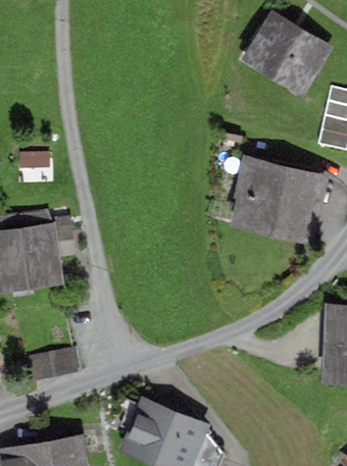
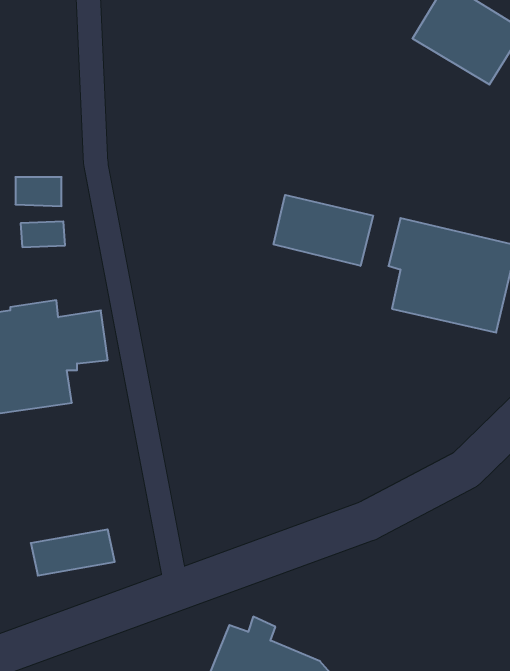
building: none -> [274,195,373,266]

